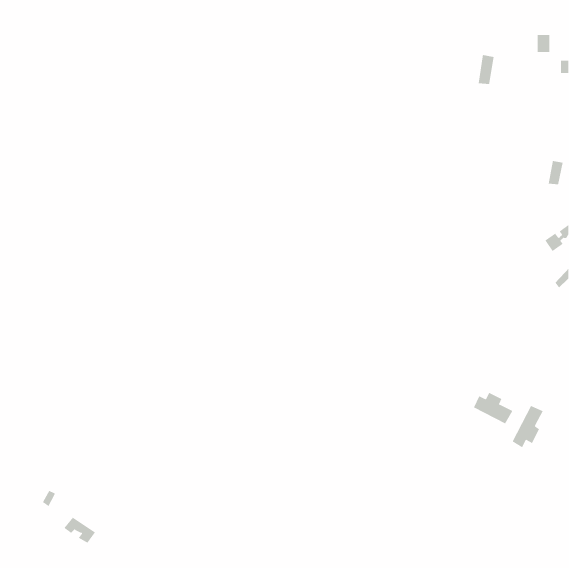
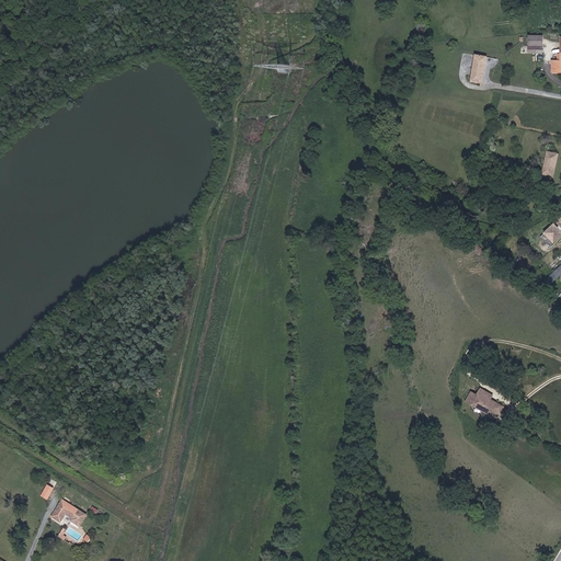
building: [512,405,543,448] -> none

